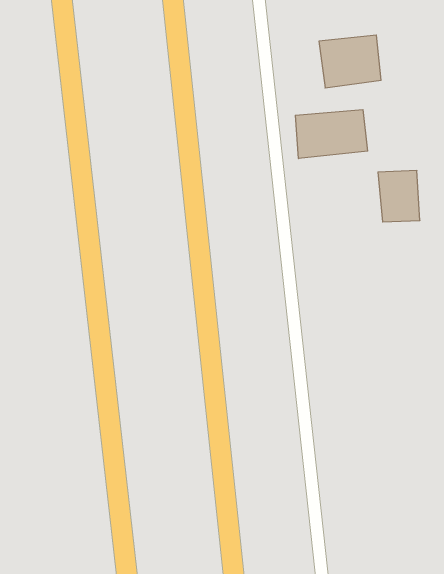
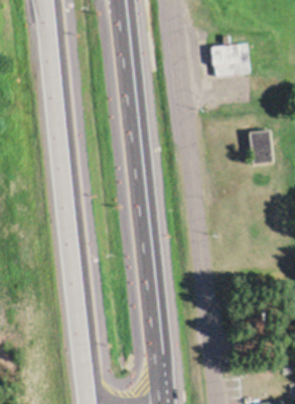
building: [295,110,368,159] -> none

